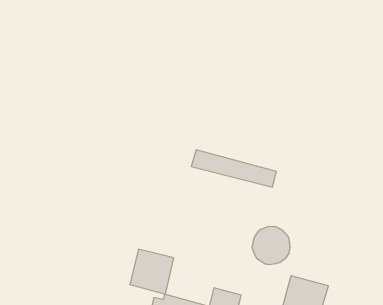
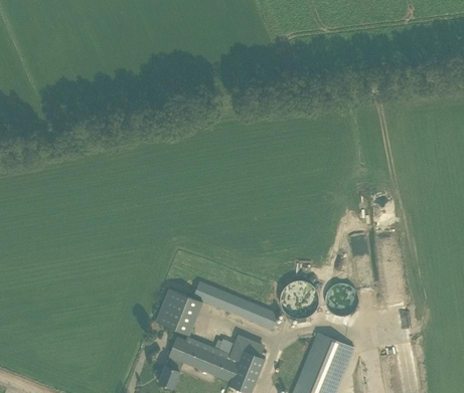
building: [191,150,276,187] -> [192,280,277,328]

